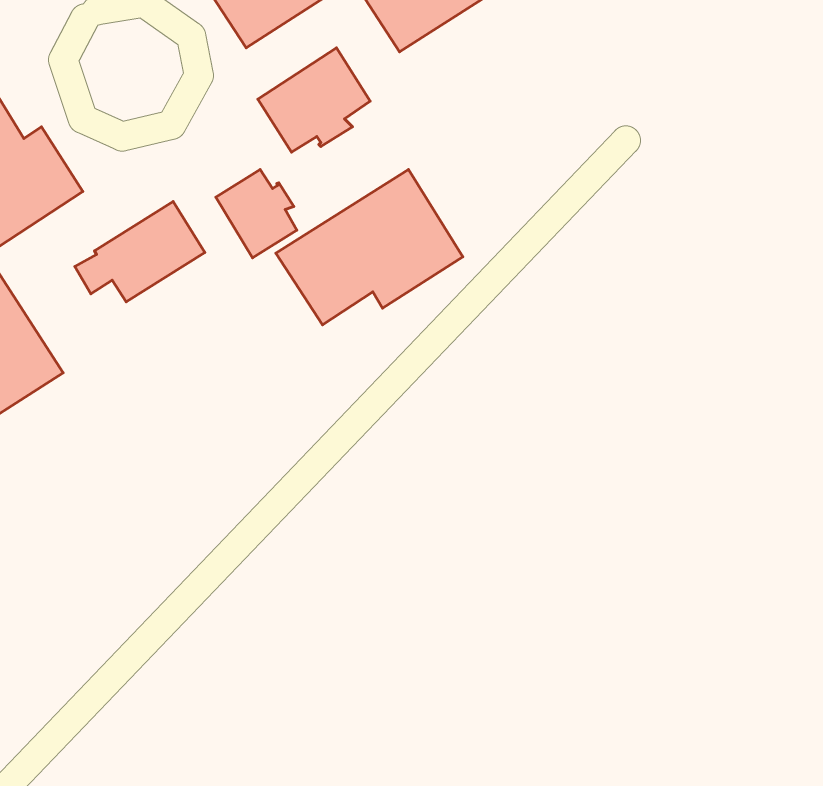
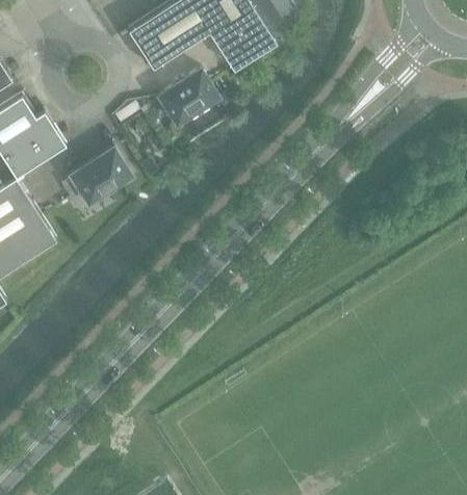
building: [216,169,297,258] -> none
building: [276,170,463,325] -> none

